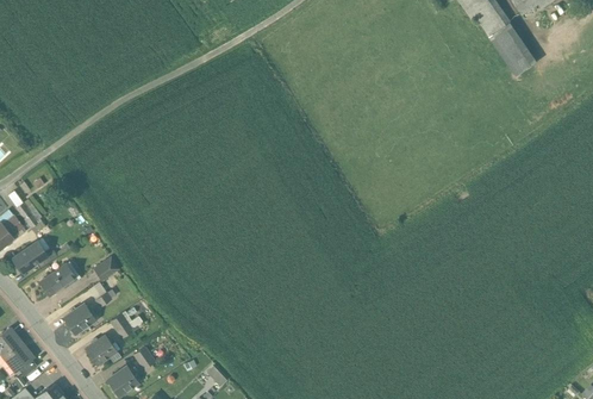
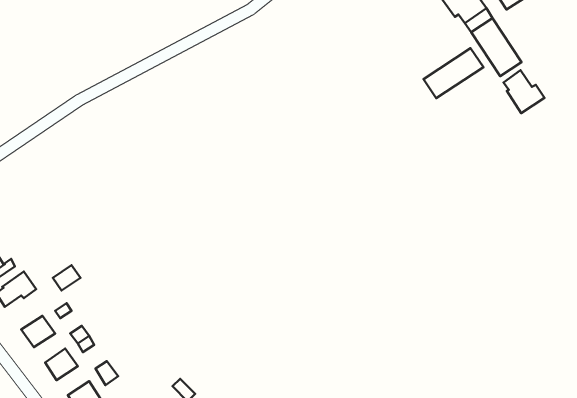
building: none -> [423,48,483,98]
building: none -> [503,70,545,113]

